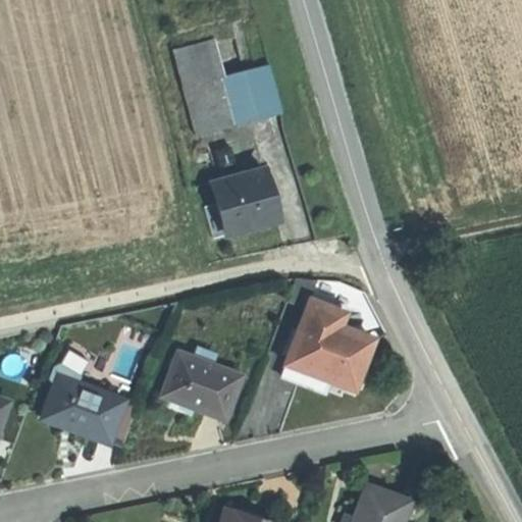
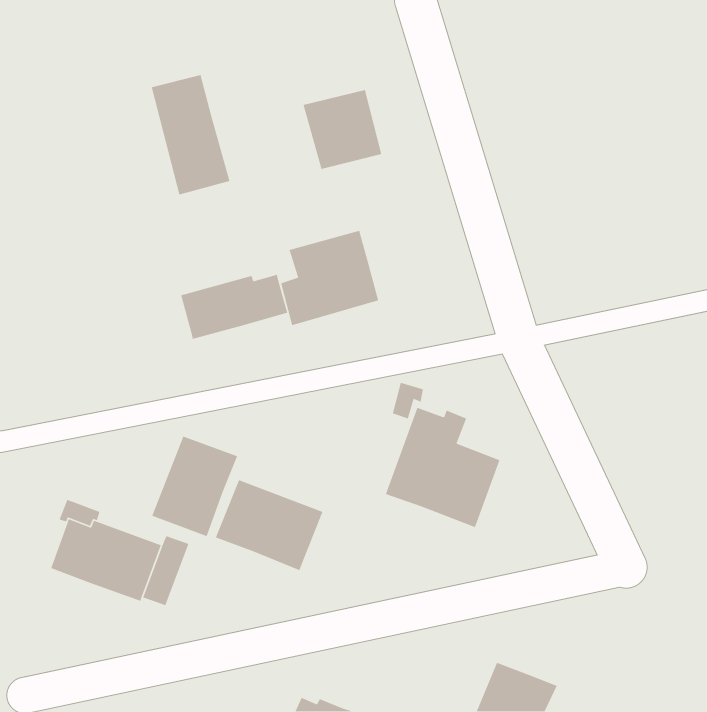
building: [180,46,239,135] -> [151,74,230,195]
building: none -> [180,274,288,340]
building: none -> [151,435,238,537]

